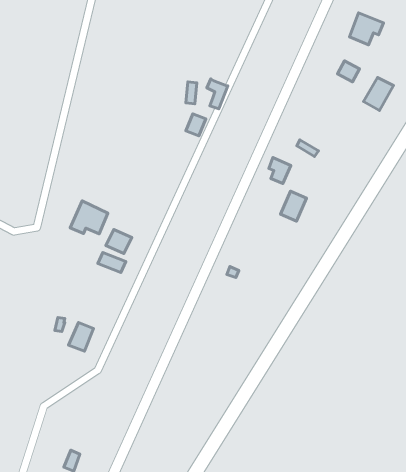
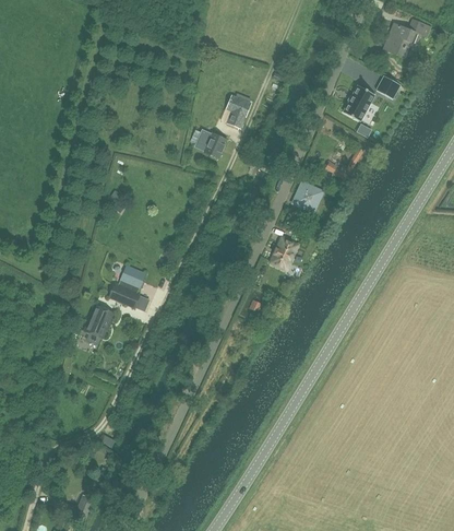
building: [363,78,393,111] -> [345,88,378,125]
building: [281,191,306,221] -> [270,236,298,269]
building: [70,201,108,234] -> none
building: [68,322,93,351] -> [85,305,112,337]

